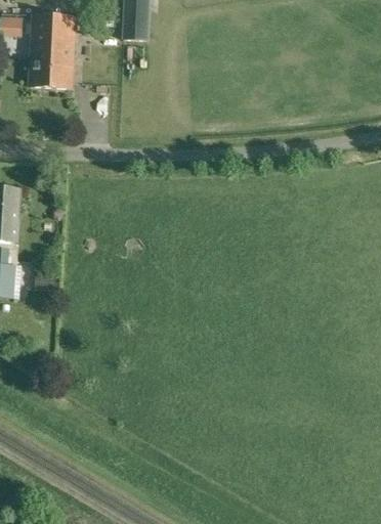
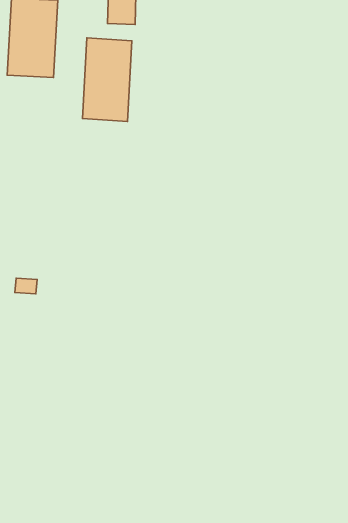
building: none -> [82,38,132,122]

